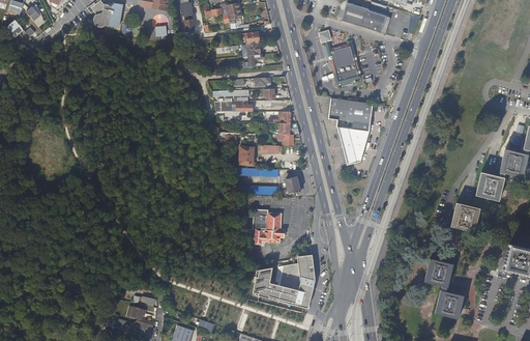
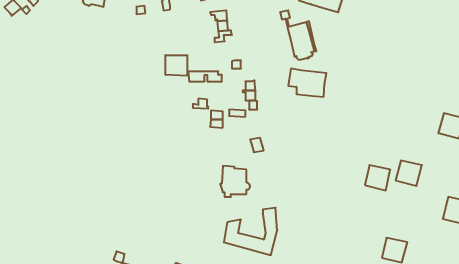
building: none -> [165,55,187,76]
building: [337,126,370,164] -> none
building: [475,171,505,200] -> none
building: [424,258,453,287] -> [365,165,390,191]
building: [281,263,302,292] -> none

